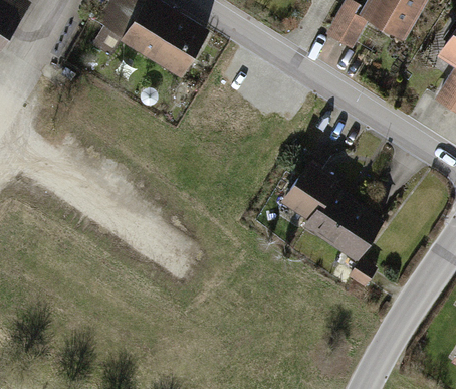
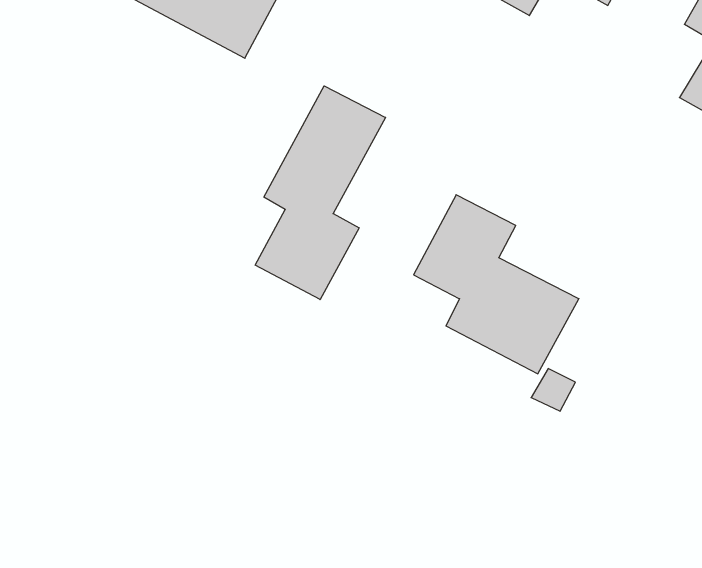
building: none -> [255,86,386,300]

